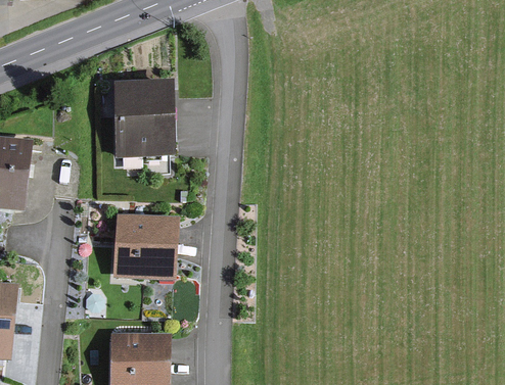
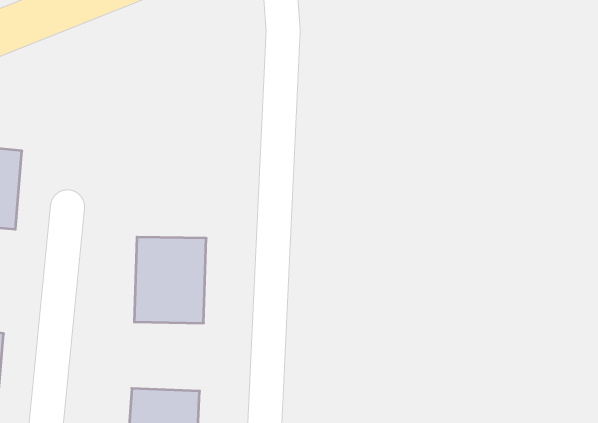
building: [112,83,171,153] -> none

